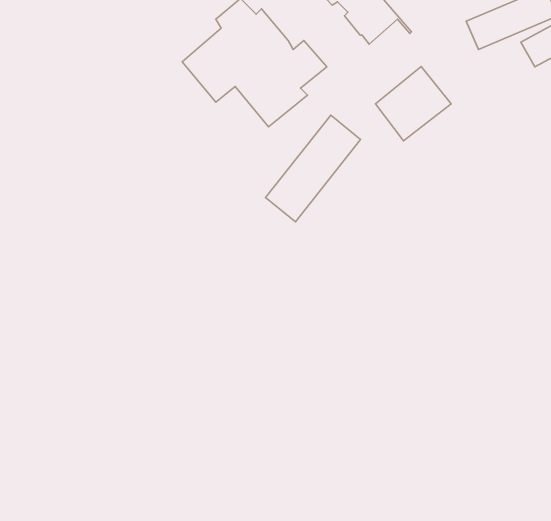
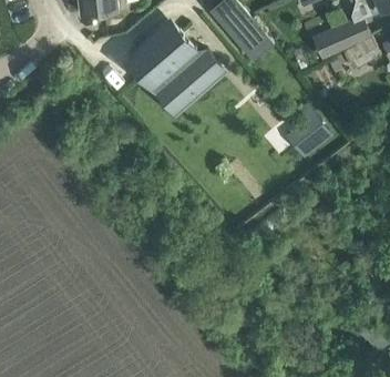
building: [375,67,451,141] -> [286,116,333,163]
building: [266,115,361,222] -> none

